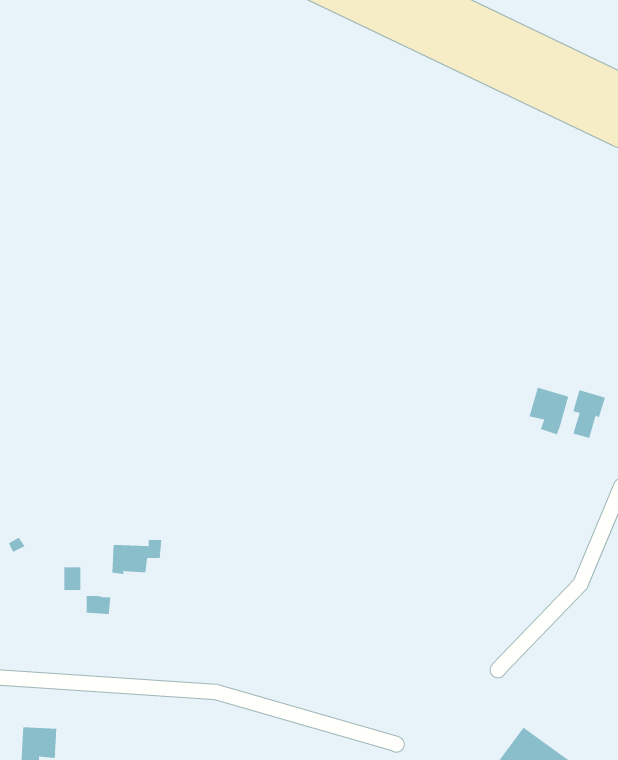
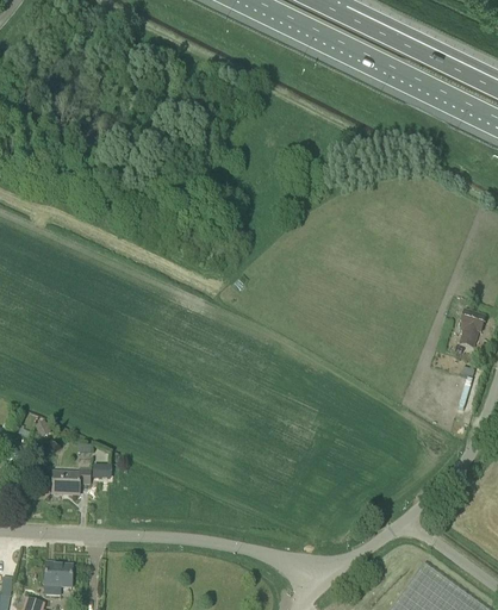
building: [529,387,569,435] -> none
building: [111,540,162,575] -> [51,468,89,494]

